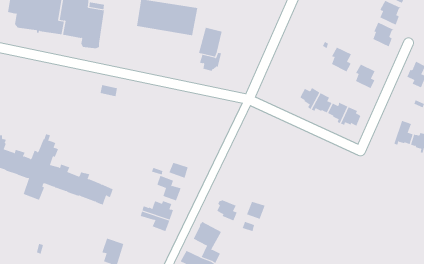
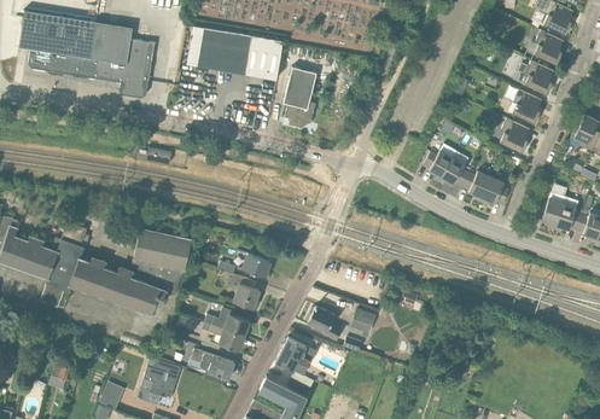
building: [331,47,353,72] -> [512,89,542,124]
building: none -> [535,192,564,229]
building: none -> [132,228,191,296]
building: none -> [190,350,234,379]

